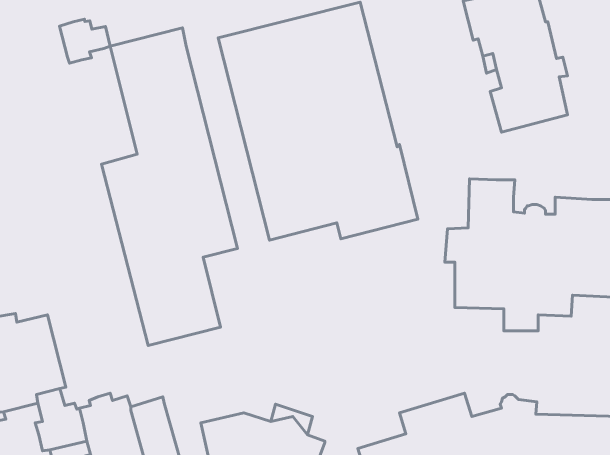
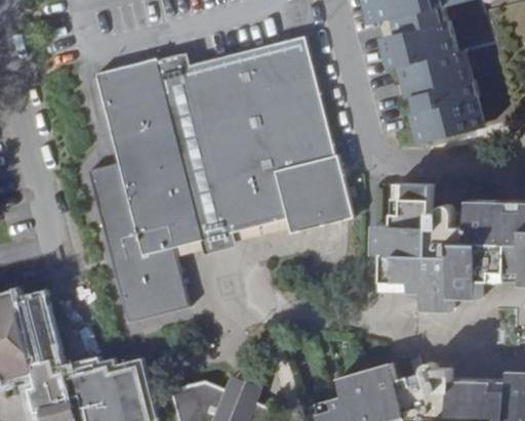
building: [59,19,110,63] -> none
building: none -> [159,66,229,242]

